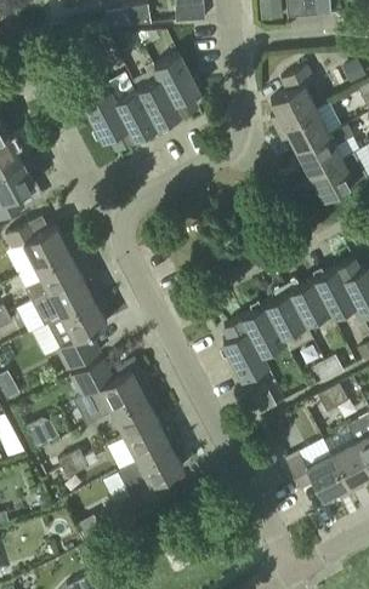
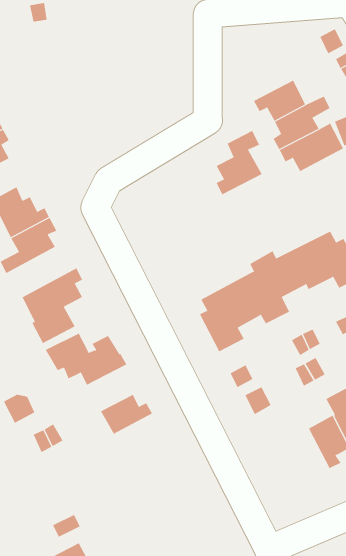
building: [85,55,198,149] -> none
building: [271,67,317,131] -> [216,130,262,195]
building: [32,275,102,326] -> none
building: [112,391,158,438] -> none
building: [118,440,183,505] -> none
building: [288,454,352,501] -> none

